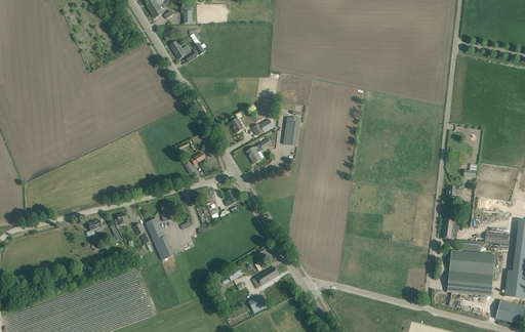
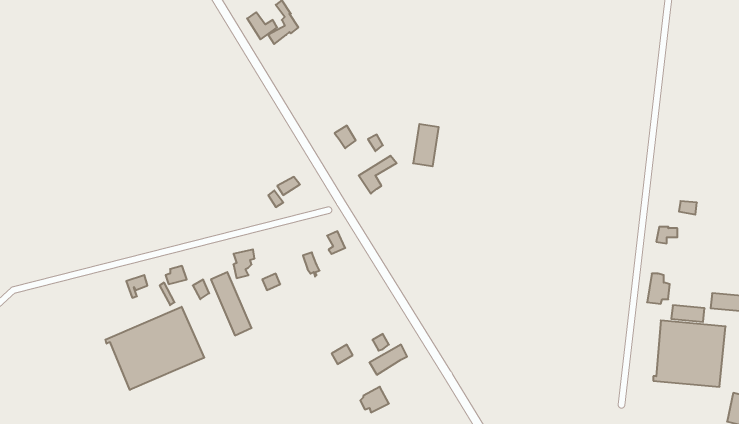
building: none -> [105,307,204,390]

